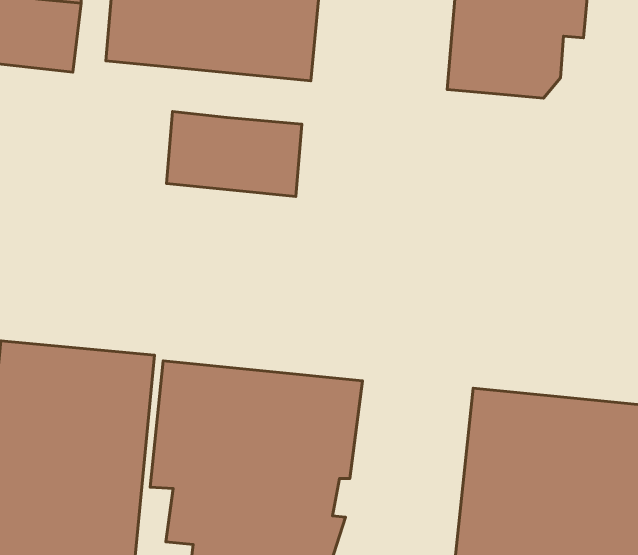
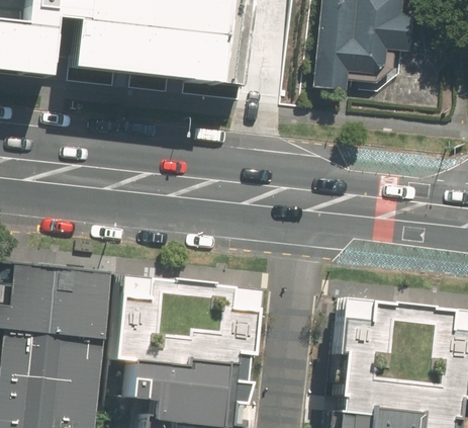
building: [166,112,302,196] -> none

